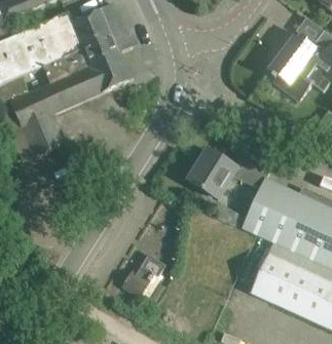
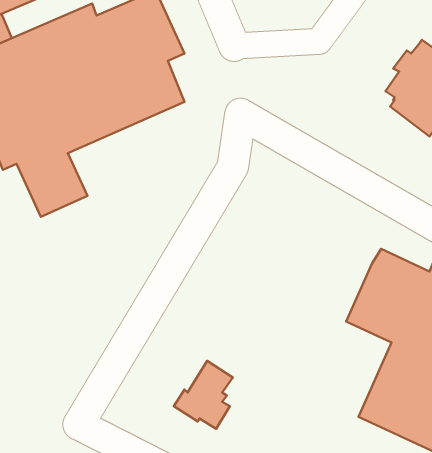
building: [187,149,267,198] -> none

